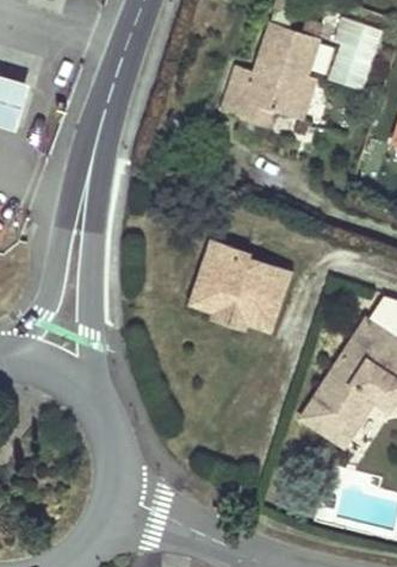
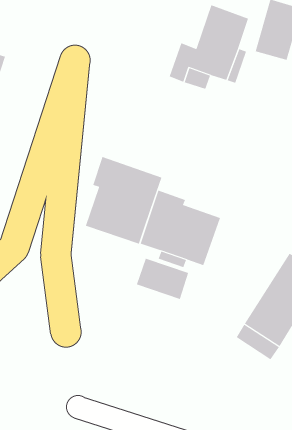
building: none -> [85,156,162,244]
building: none -> [136,258,189,300]

